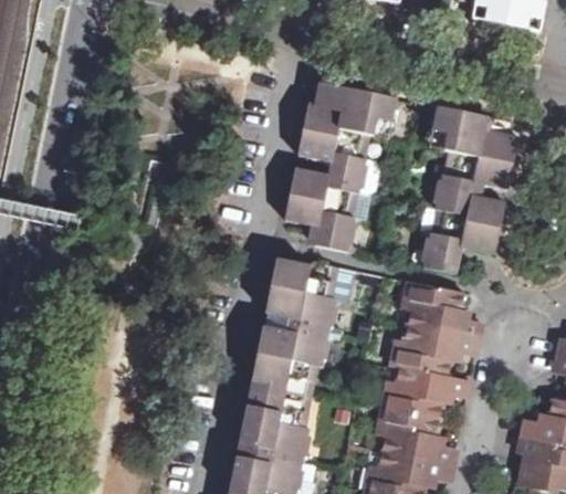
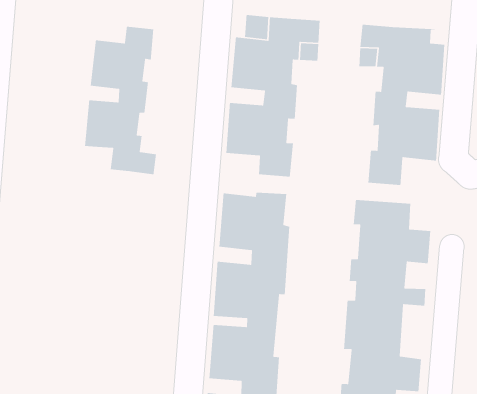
building: none -> [84,26,157,175]

